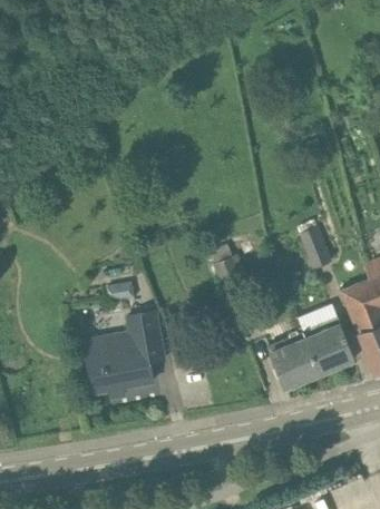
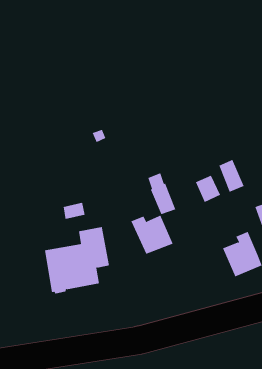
building: none -> [195,175,221,203]
building: [266,339,320,388] -> [130,215,174,255]

